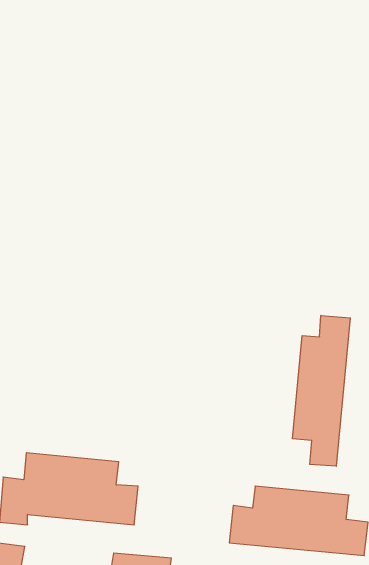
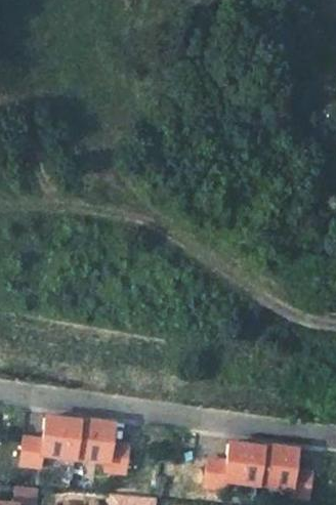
building: [293,315,350,466] -> none

